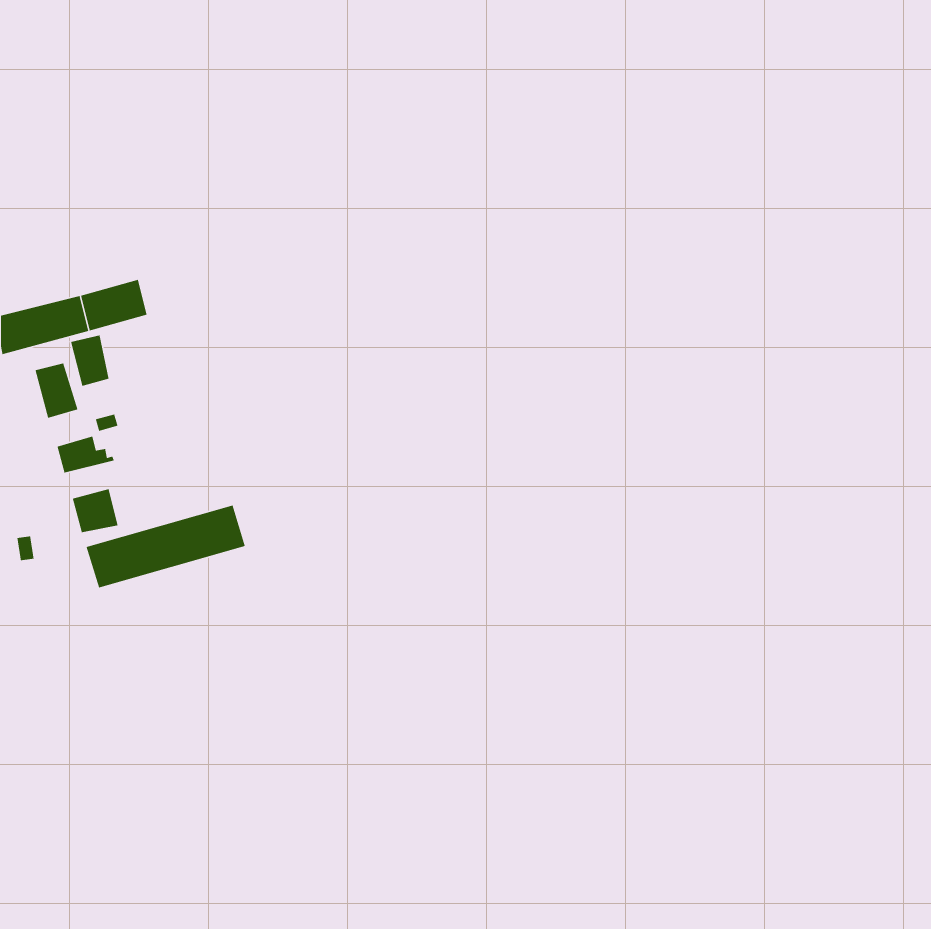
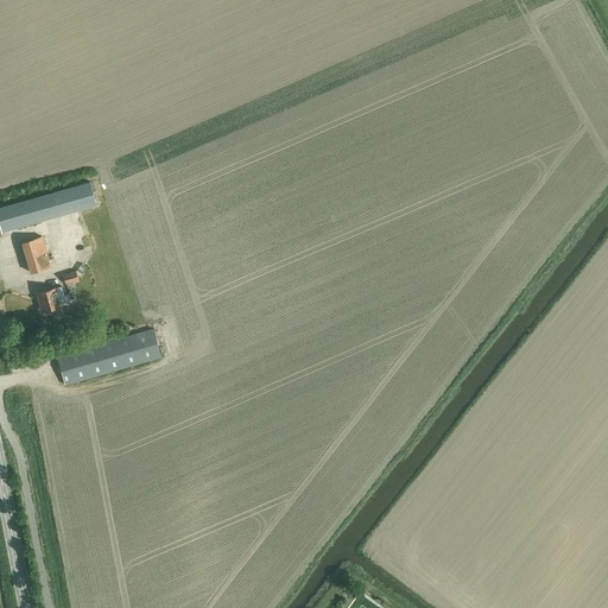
building: [70,335,110,387] -> none
building: [72,488,118,533] -> none

